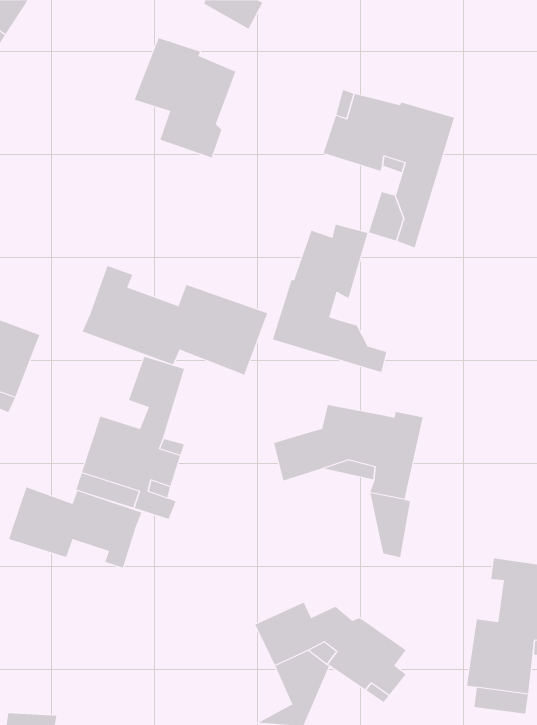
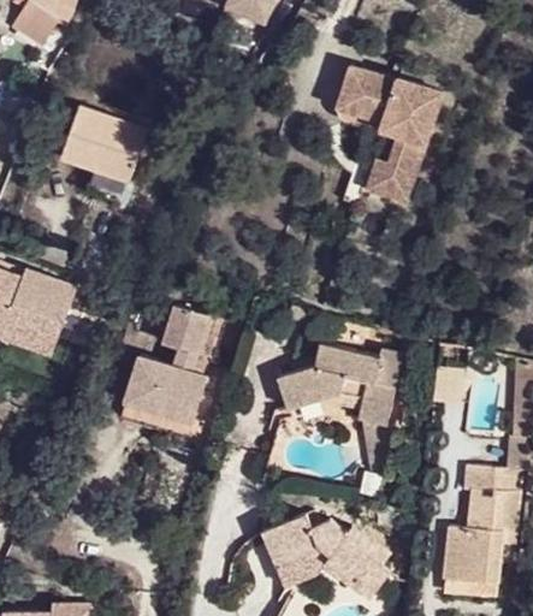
building: [134,37,236,158] -> [61,103,148,206]
building: [272,224,387,373] -> none
building: [82,265,268,375] -> none
building: [8,486,142,568] -> none

